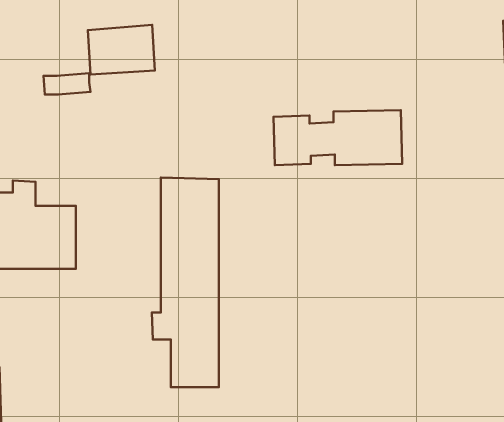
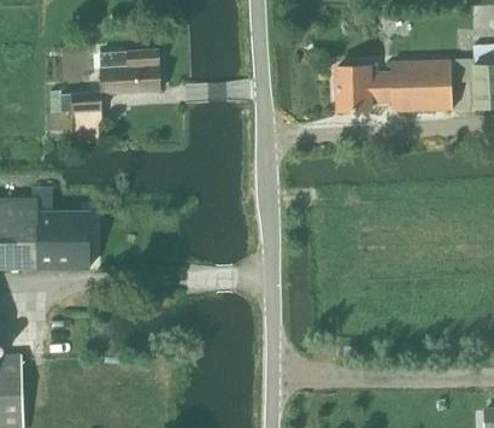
building: [273,110,402,165] -> [336,61,452,111]
building: [152,178,219,387] -> none

